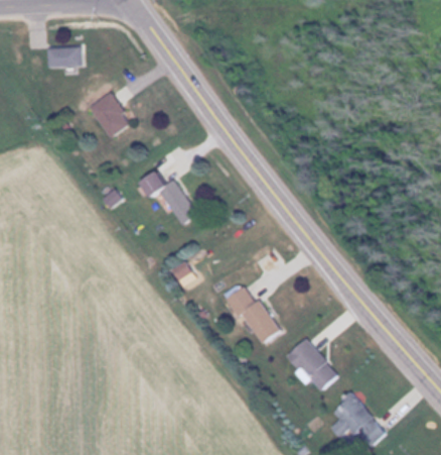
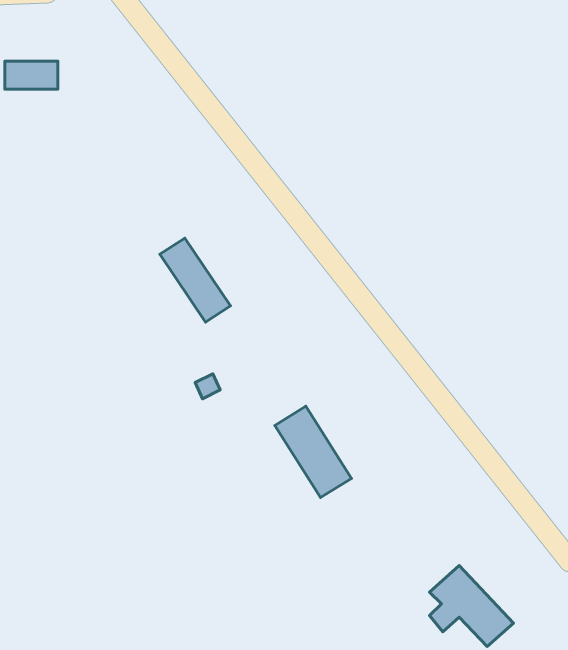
building: [91,93,129,137] -> none
building: [287,338,338,391] -> none

